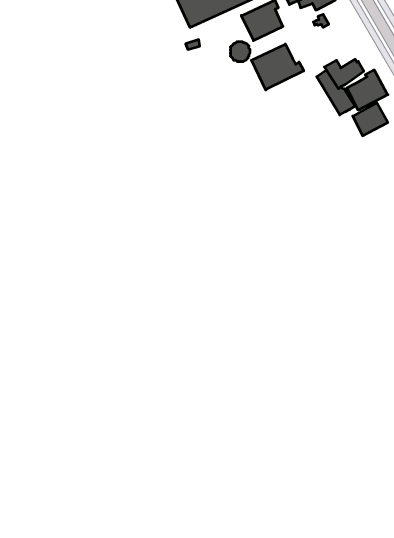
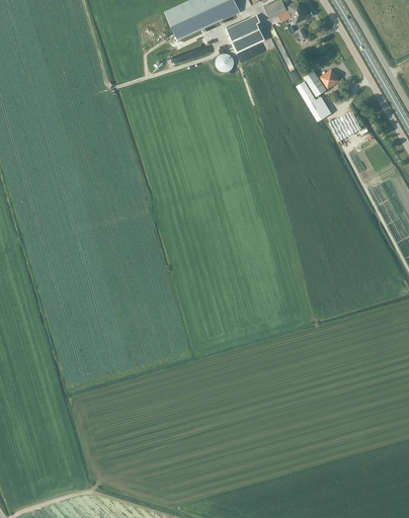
building: [251,44,304,90] -> none
building: [347,70,388,110] -> none

